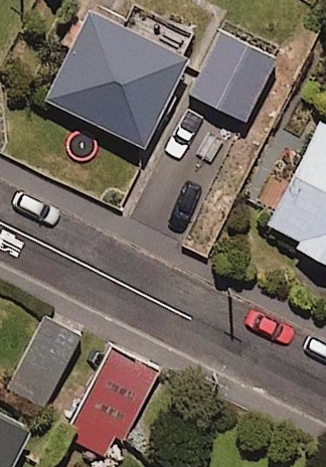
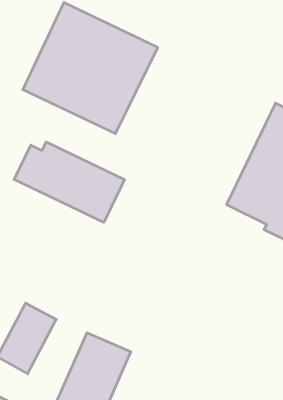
building: [191,32,275,122] -> none
building: none -> [14,142,125,222]

